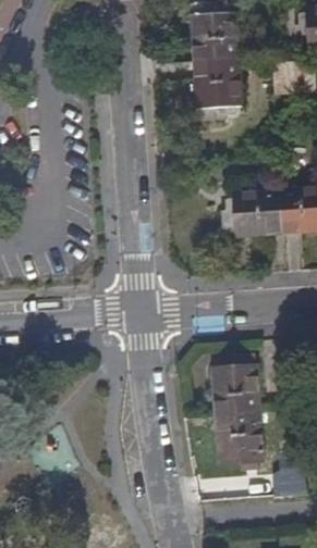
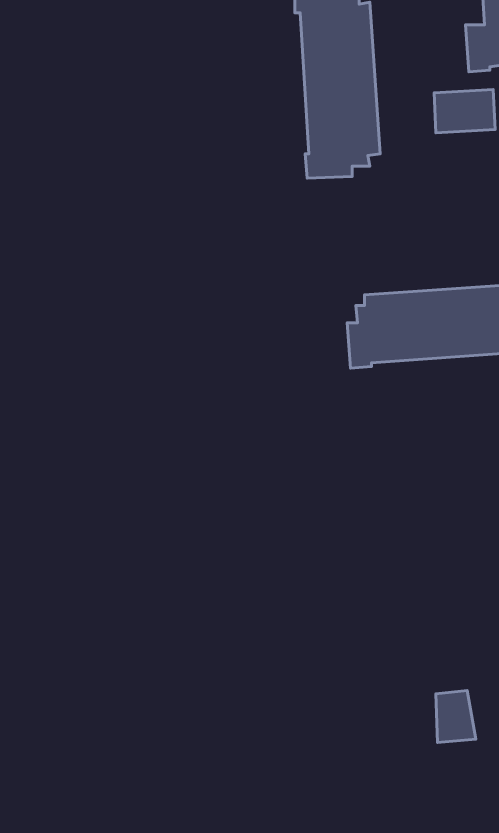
building: [211,351,261,461] -> none

